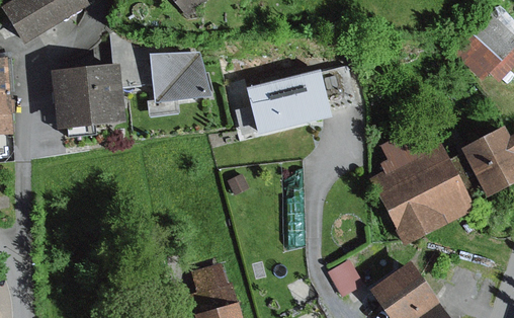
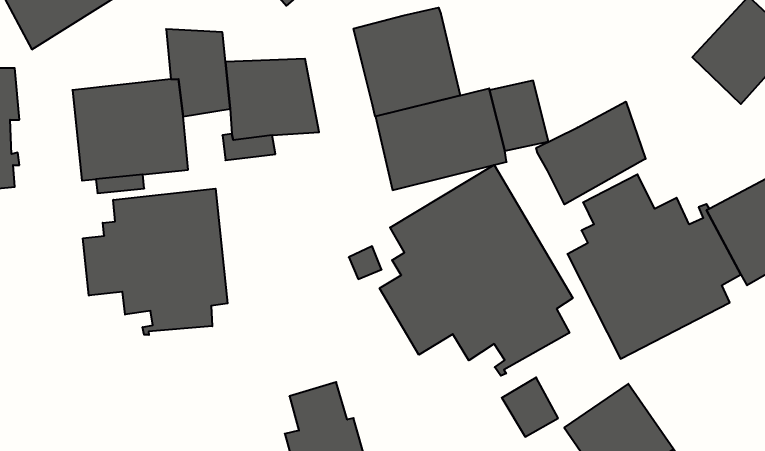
building: none -> [354,8,460,117]
building: none -> [536,102,646,204]
building: none -> [380,165,573,376]
building: none -> [83,189,228,335]

